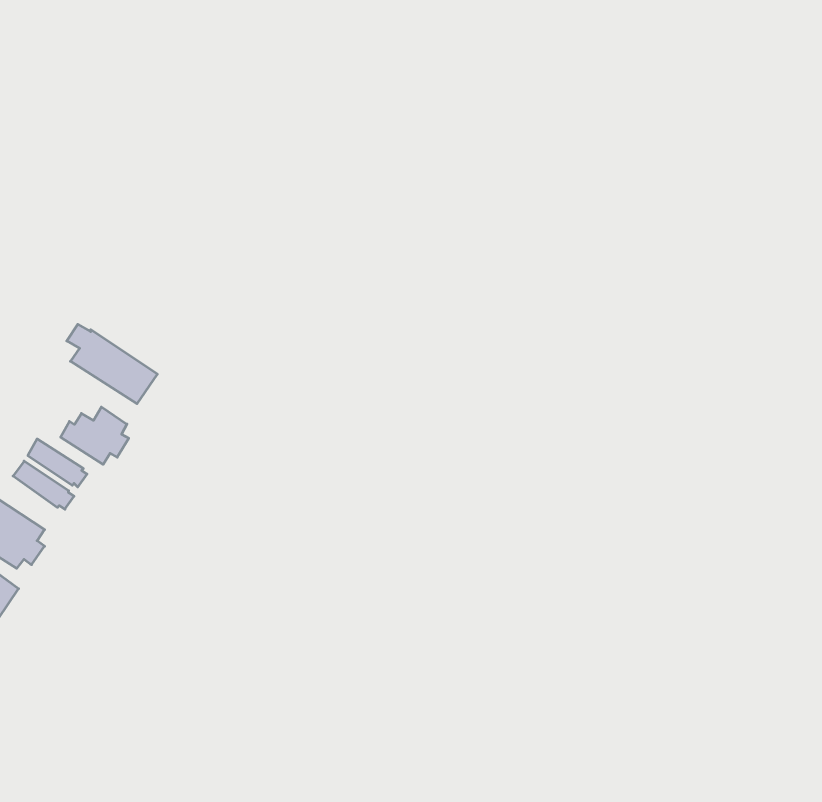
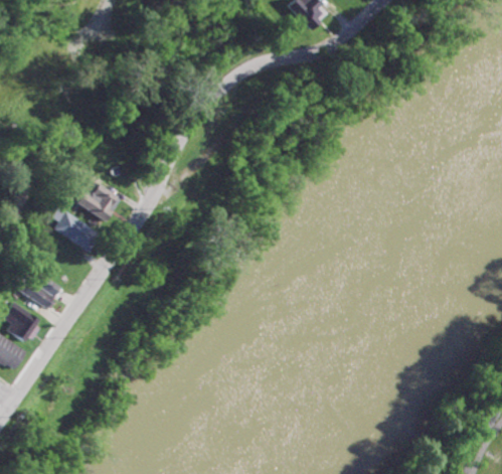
building: none -> [76,183,118,220]
building: [61,407,129,464] -> none

